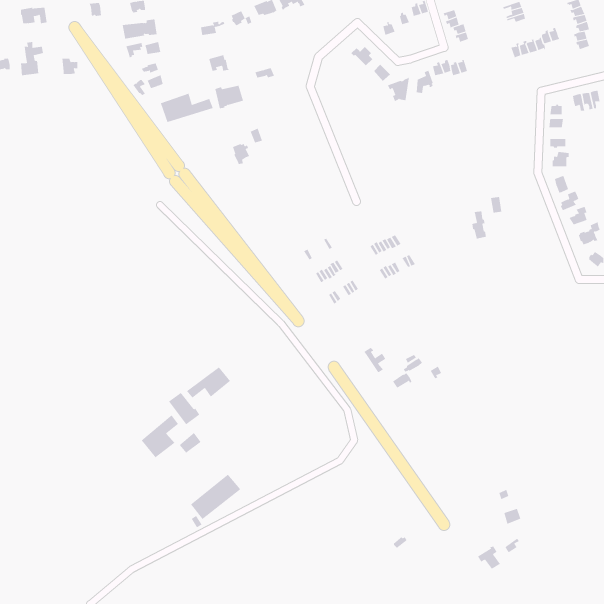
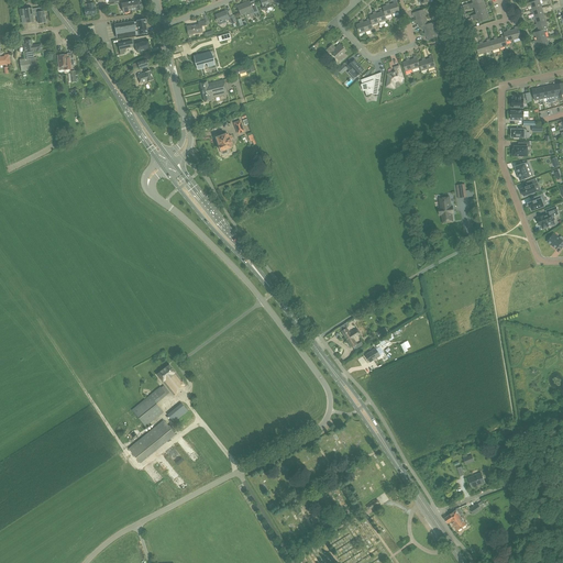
building: [160,93,213,123] -> none
building: [186,366,231,398] -> none
building: [190,474,241,520] -> [128,419,175,462]

